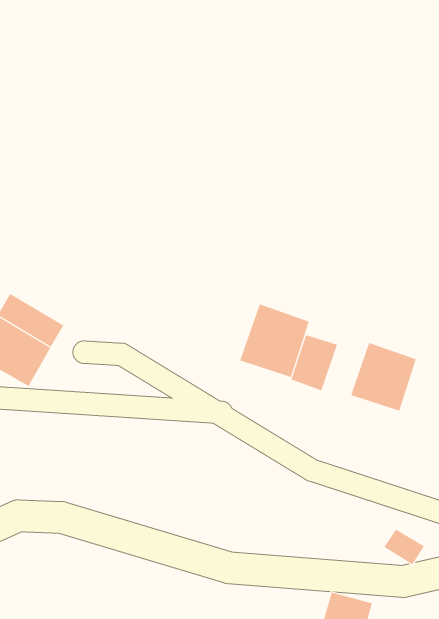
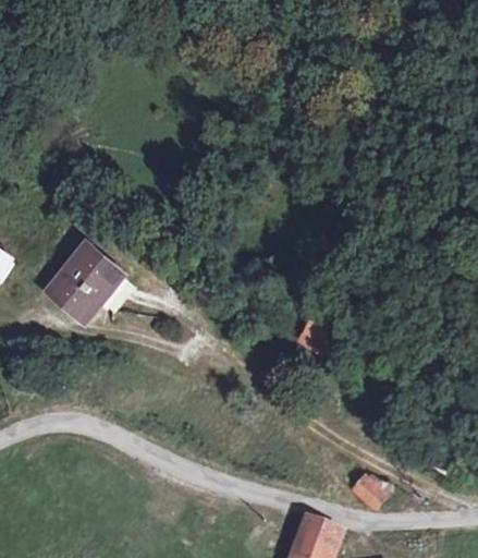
building: [240,304,310,378] -> none
building: [351,342,417,412] -> none

